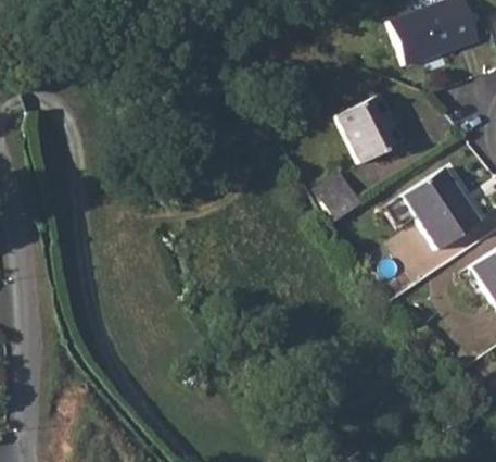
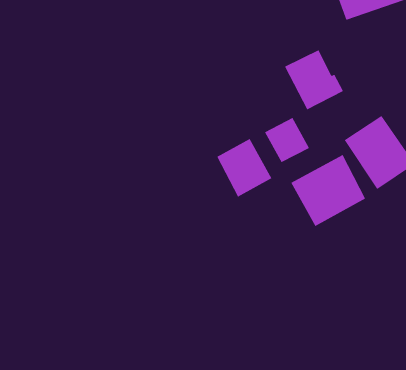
building: none -> [217,138,272,197]
building: none -> [291,154,366,227]

